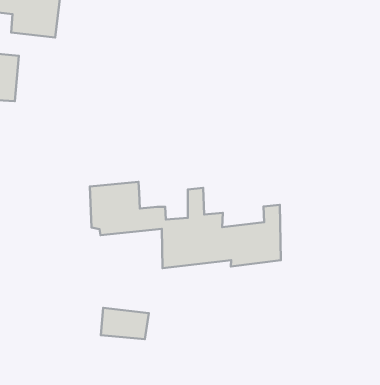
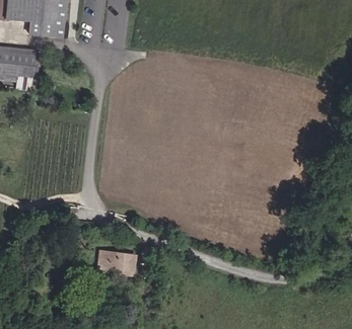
building: [90,182,281,268] -> none

